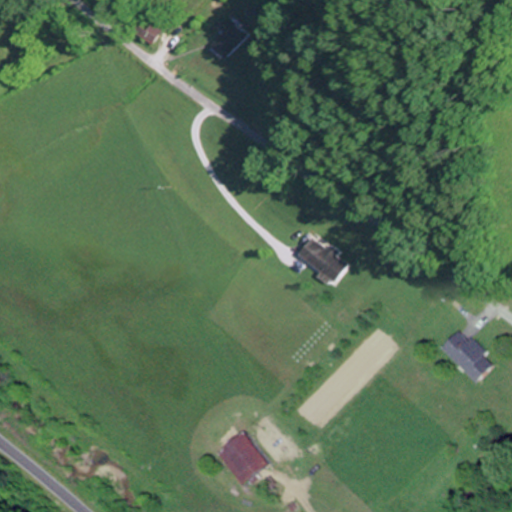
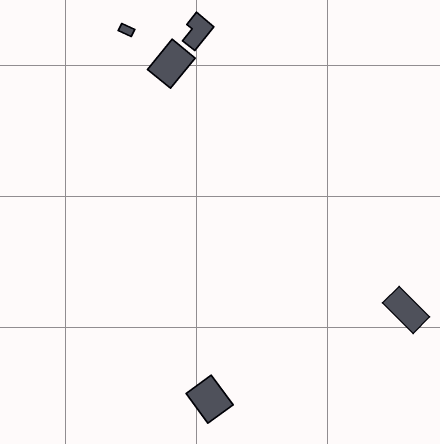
building: none -> [148,39,195,88]
building: [295,236,346,282] -> none

